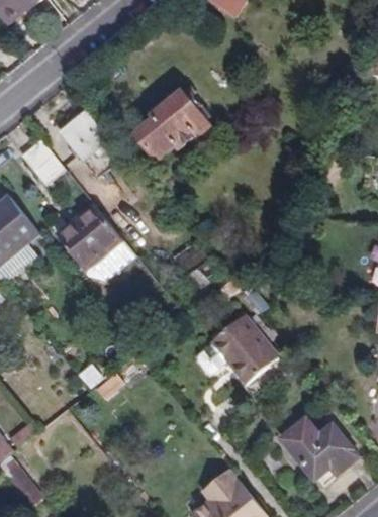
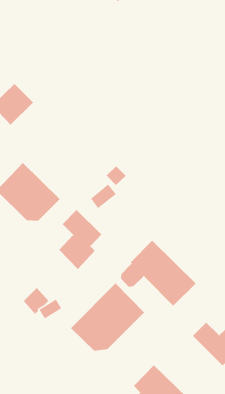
building: [137,88,212,157] -> none
building: none -> [59,209,102,270]
building: none -> [70,283,145,351]

